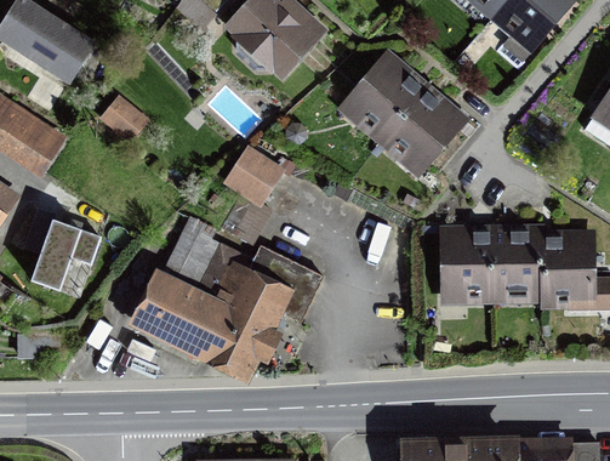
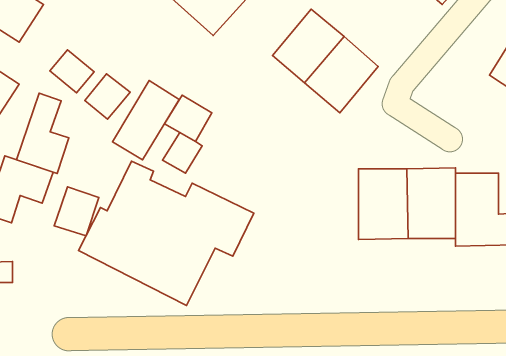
building: none -> [85,74,130,119]
building: none -> [112,81,179,160]
building: none -> [17,93,69,173]
building: none -> [54,187,99,236]

